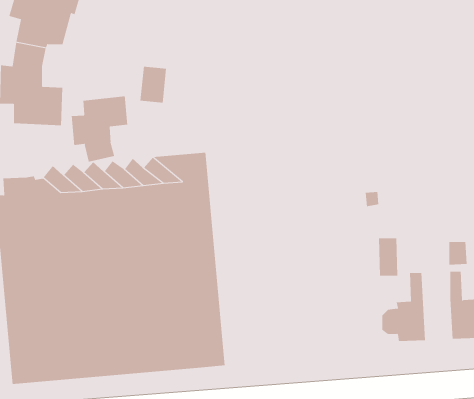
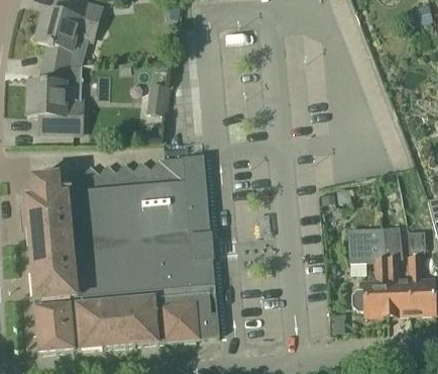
building: [71,96,128,163] -> none
building: none -> [382,225,411,314]

